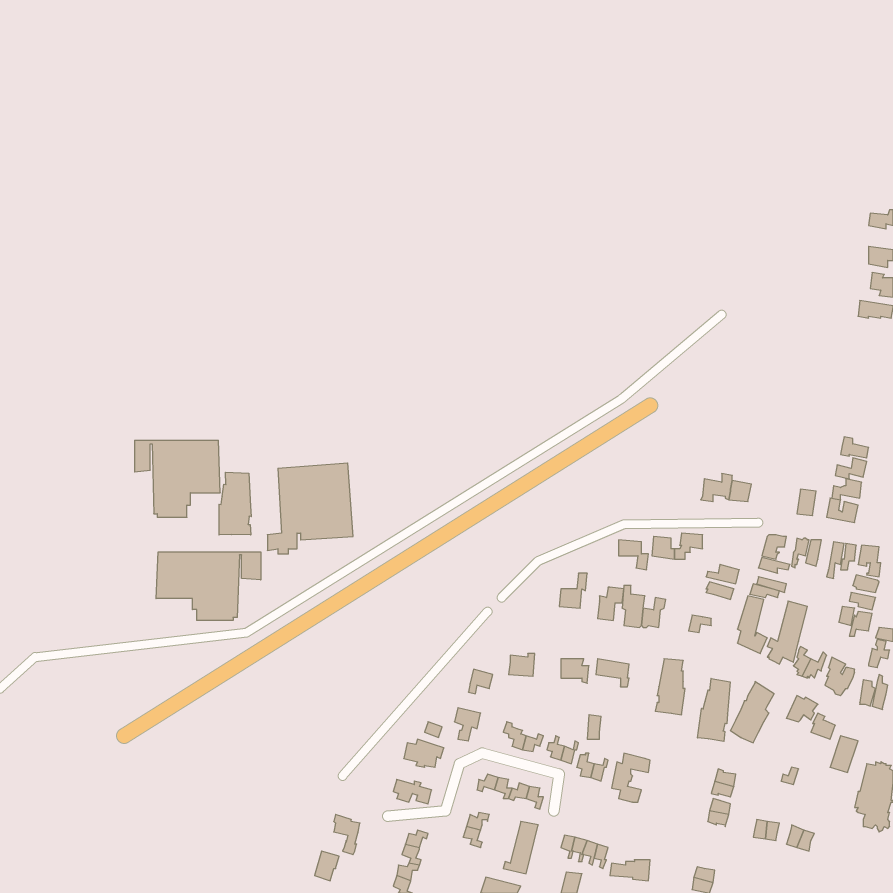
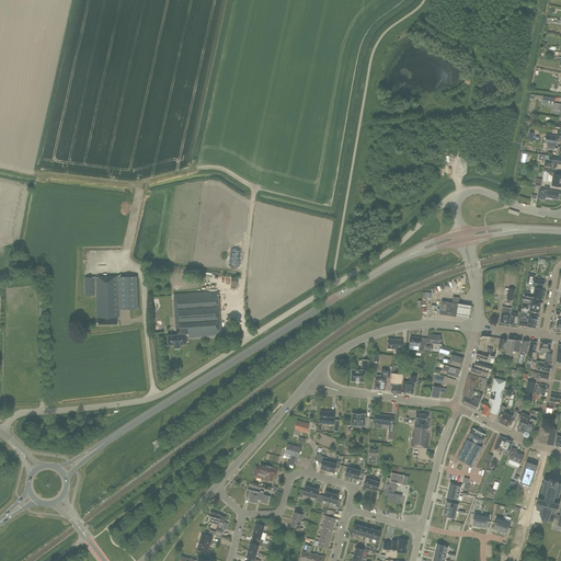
building: [219,472,251,535] -> none
building: [156,552,261,620] -> none
building: [698,678,730,741] -> none

